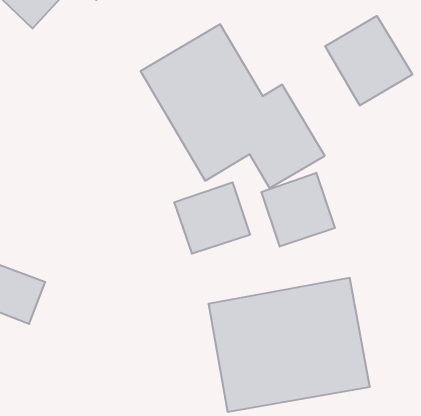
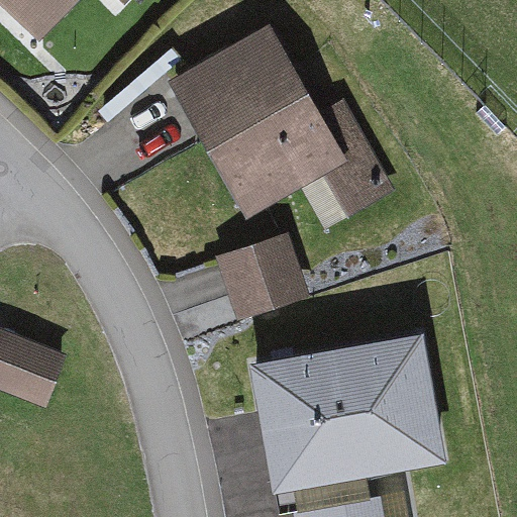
building: [325,16,412,106] -> none
building: [261,173,335,247] -> none

